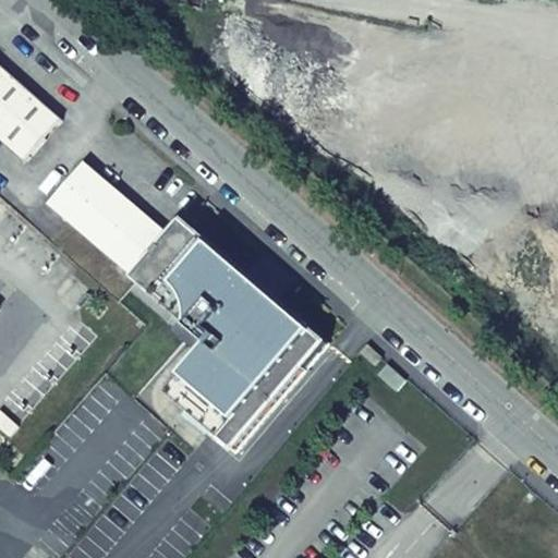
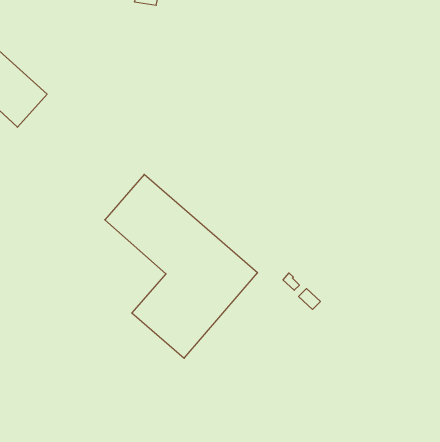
building: [45,160,166,275] -> none

